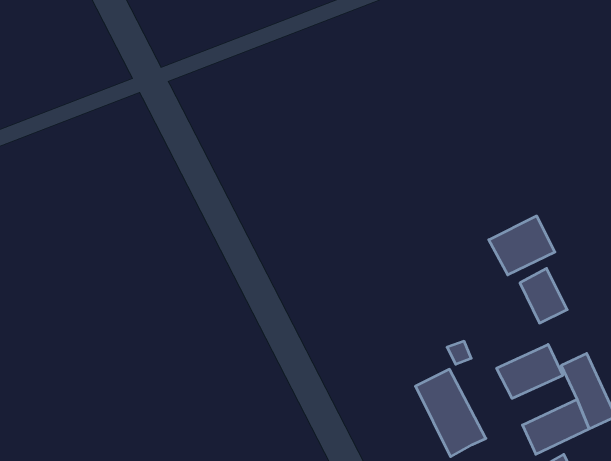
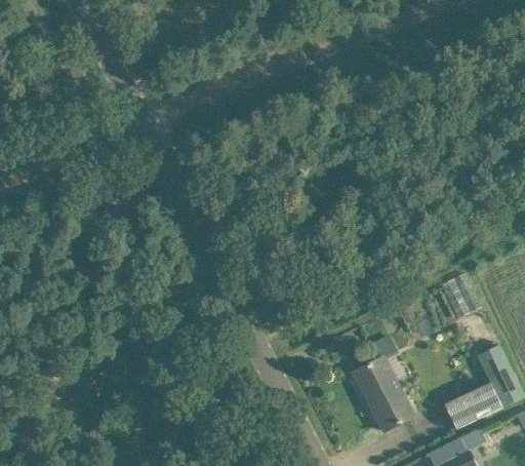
building: [489,216,555,275] -> none
building: [497,344,563,398] -> none

